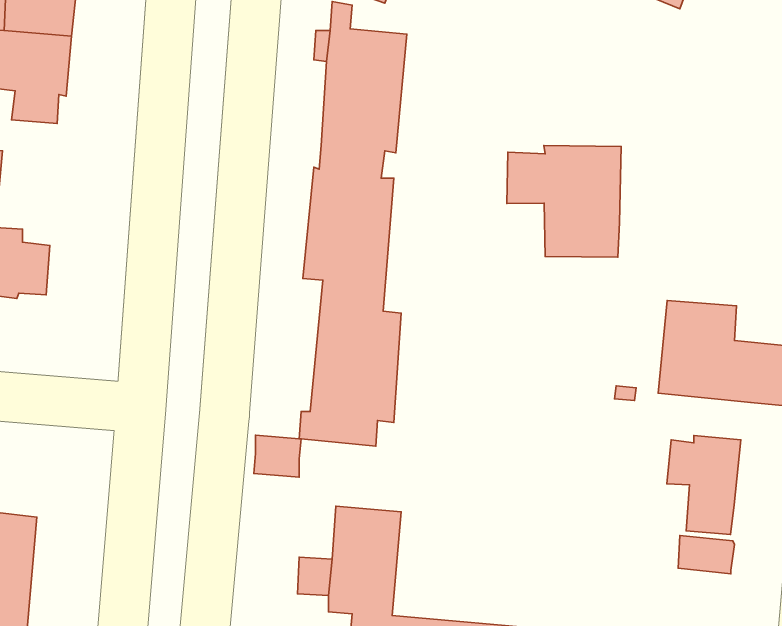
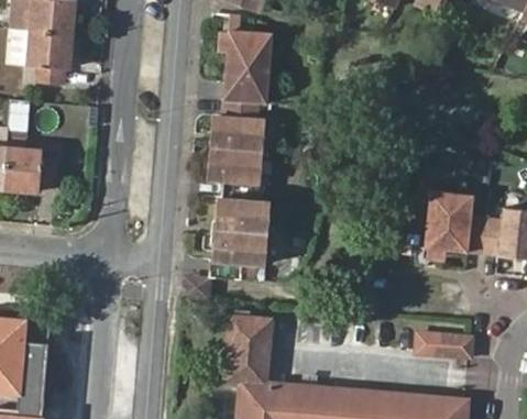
building: [507,145,621,257] -> none
building: [667,436,741,535] -> none

